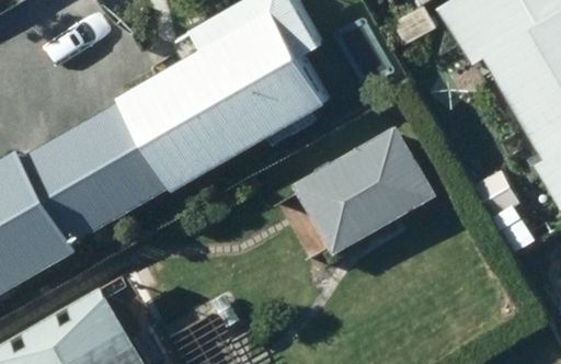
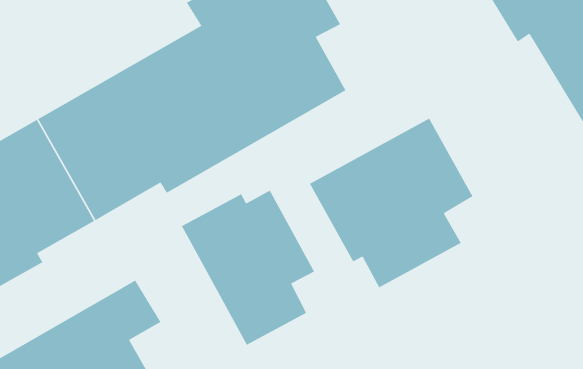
building: none -> [181,189,315,346]

